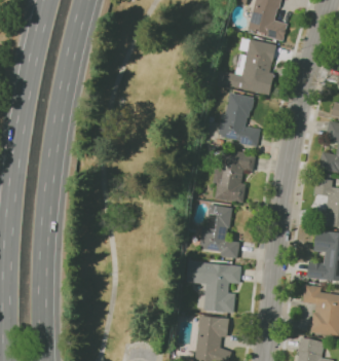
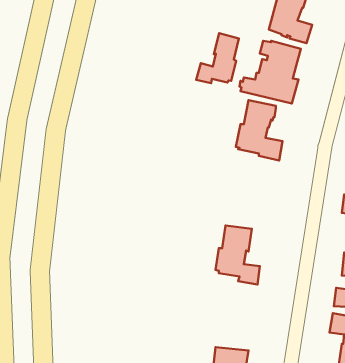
building: none -> [196,33,239,83]
building: [212,149,255,203] -> none
building: [187,260,240,313] -> none

